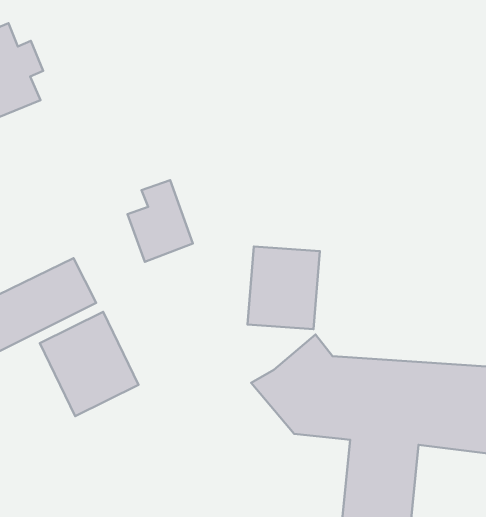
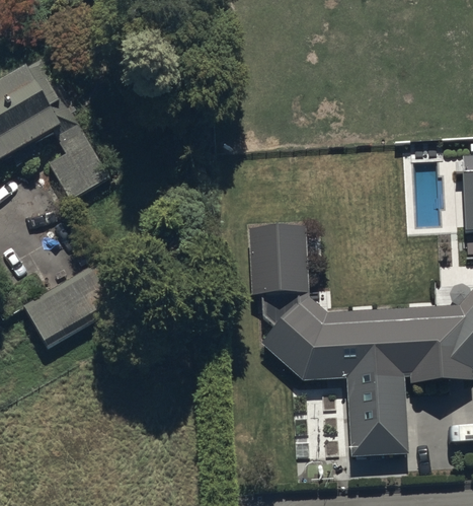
building: [128,180,193,262] -> [50,129,106,199]
building: [40,312,139,416] -> none

